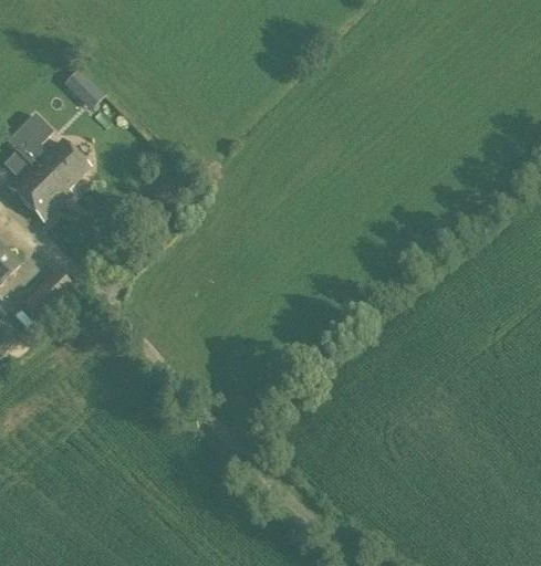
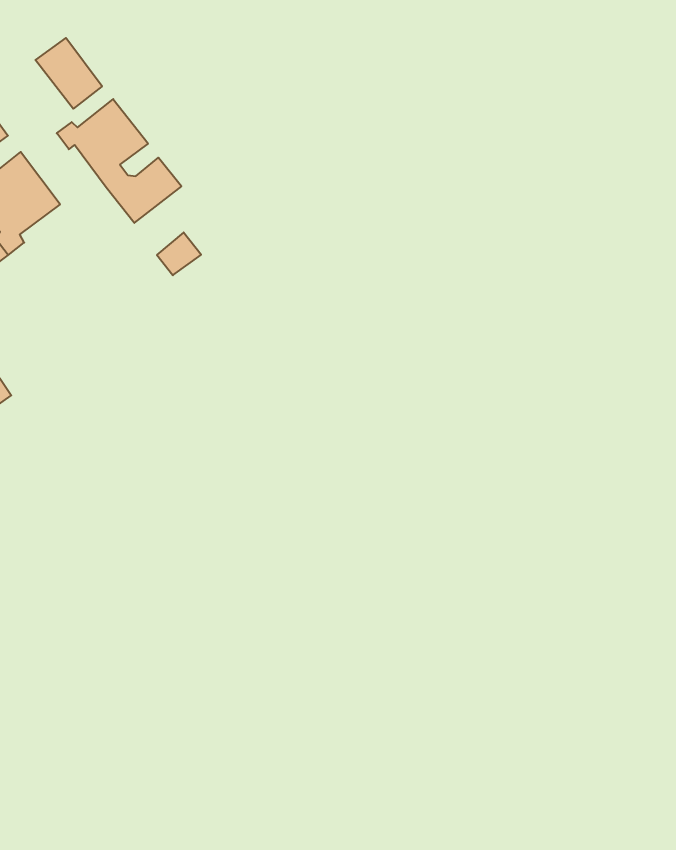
building: none -> [57,99,181,223]

